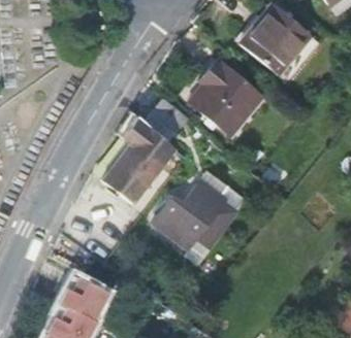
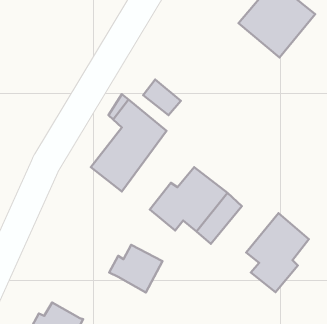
building: [188,62,262,139] -> none
building: none -> [246,213,309,292]
building: [59,276,108,320] -> [109,245,162,292]

